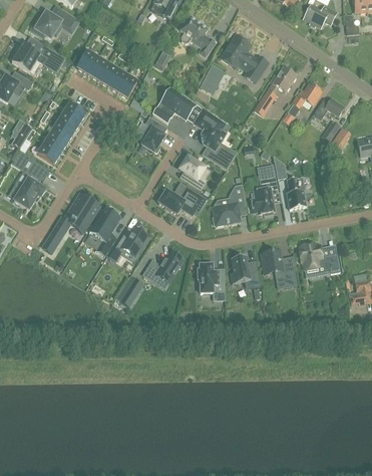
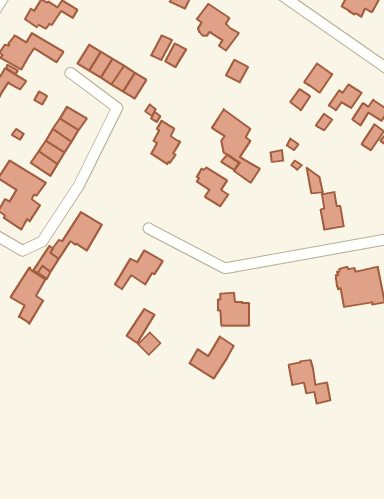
building: [221,34,268,82] -> none
building: [154,87,203,124] -> none
building: [251,165,278,216] -> none
building: [212,184,246,225] -> none
building: [157,185,205,215] -> none
building: [88,208,118,256] -> [11,268,46,324]
building: [261,250,297,287] -> [289,360,331,404]
building: [145,251,183,287] -> [189,336,234,378]
building: [230,256,260,287] -> none

